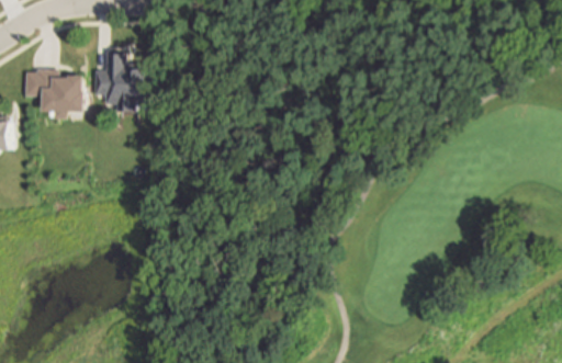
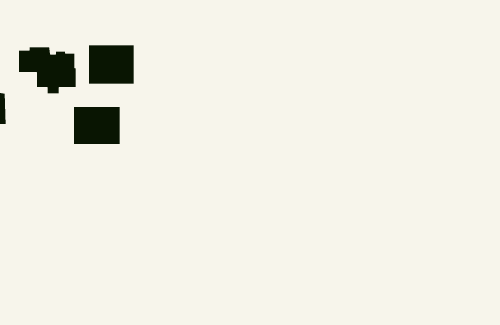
building: none -> [73,106,121,145]

